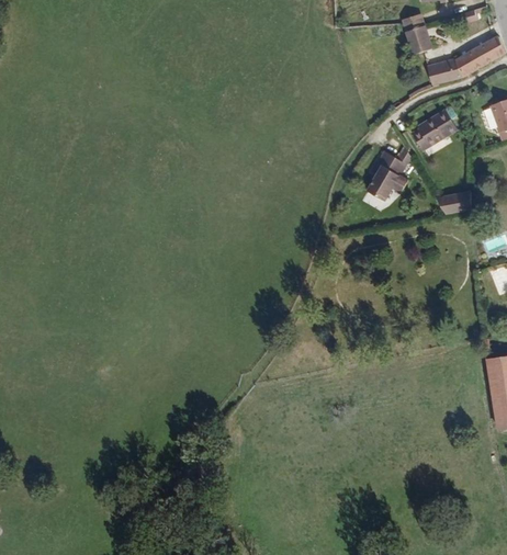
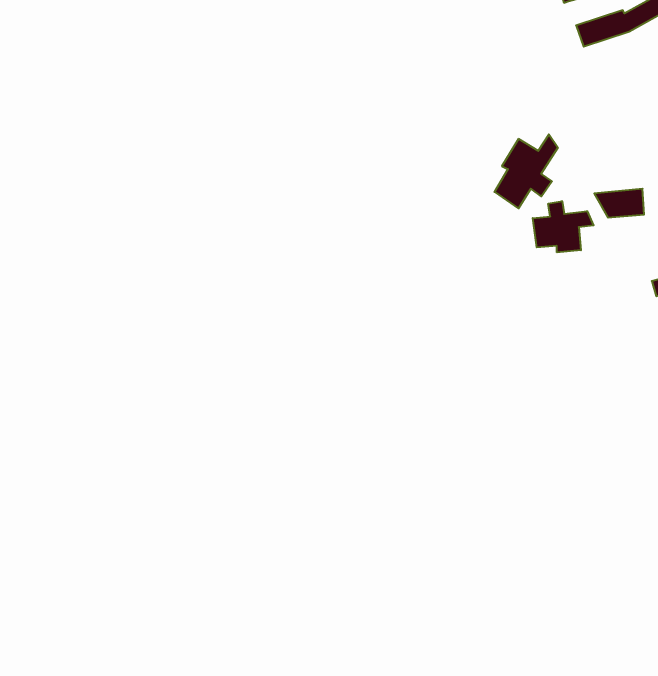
building: [412,112,455,151] -> none
building: none -> [533,201,594,252]

